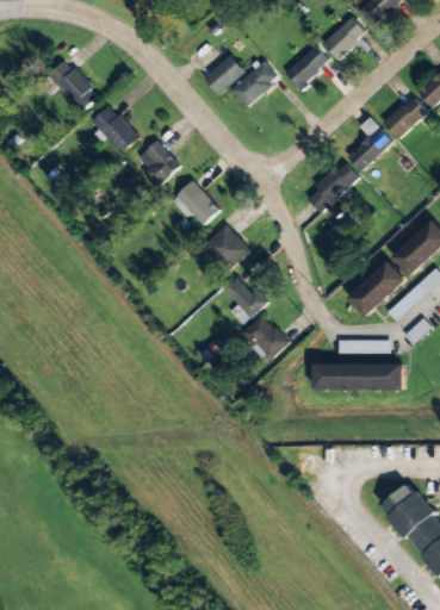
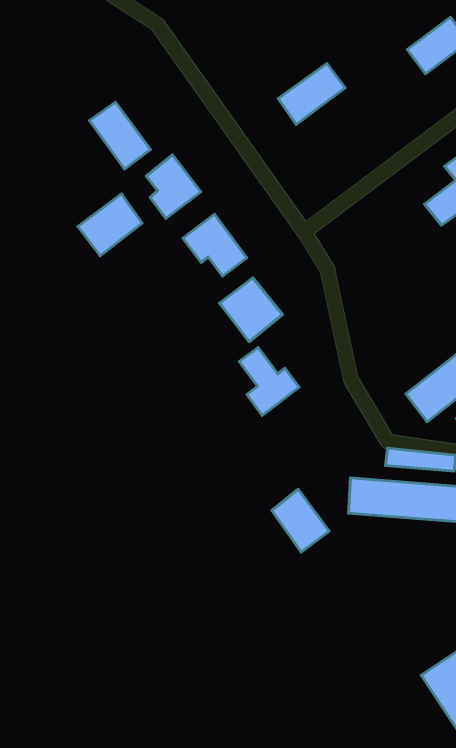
building: [285,45,330,88] -> none
building: [204,54,246,94] -> none
building: [48,58,99,111] -> none
building: [308,160,359,218] -> none
building: none -> [78,194,142,256]
building: [244,313,289,360] -> [272,489,329,552]

